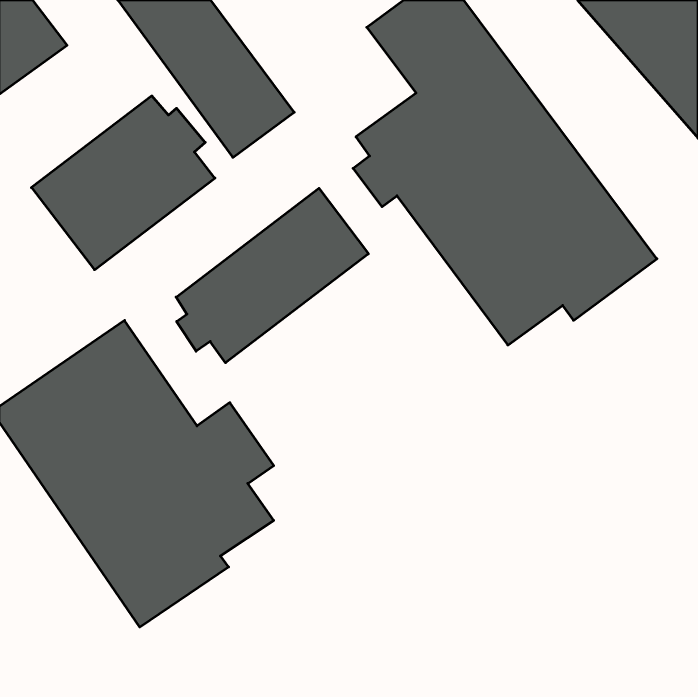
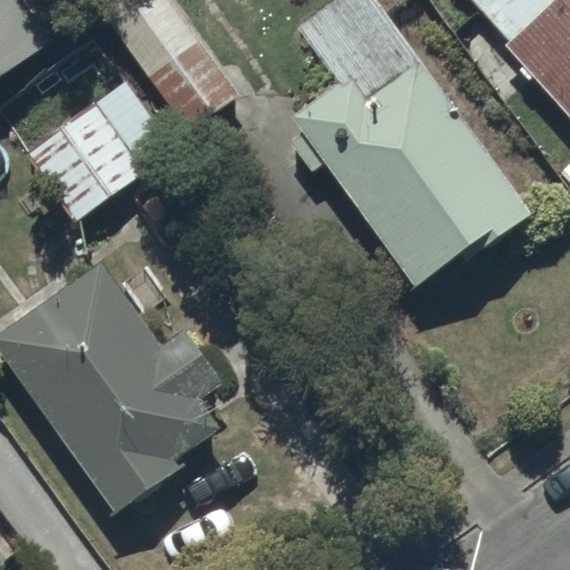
building: [176,188,368,363] -> none

